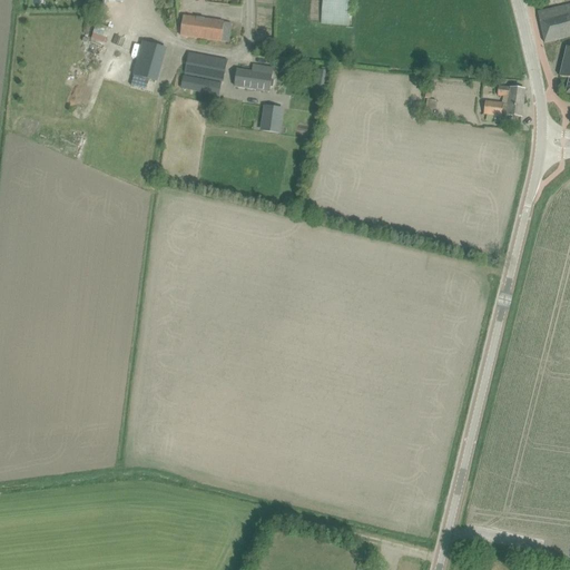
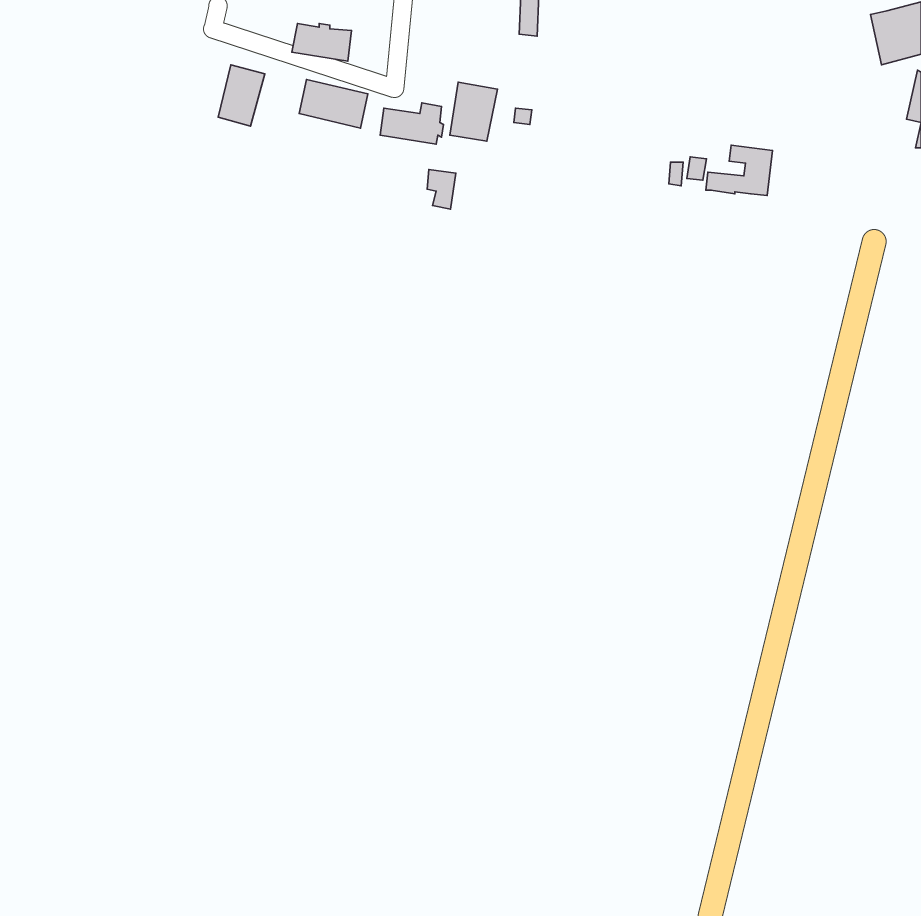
building: none -> [450,82,497,141]
building: [180,70,223,96] -> none
building: [483,83,524,115] -> [706,145,773,196]

